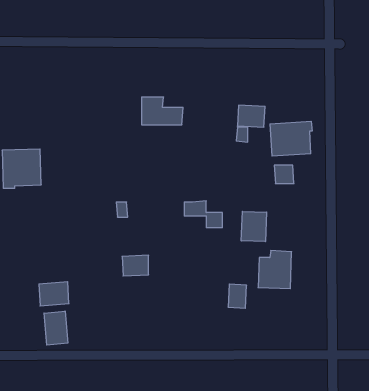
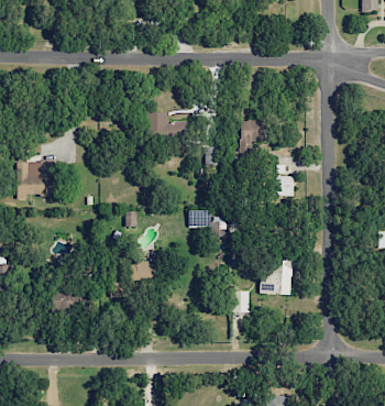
building: [270,121,312,156] -> none
building: [241,211,267,242] -> none
building: [44,311,68,345] -> none

